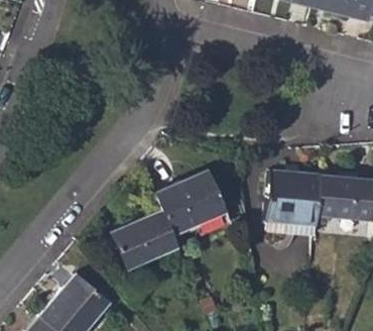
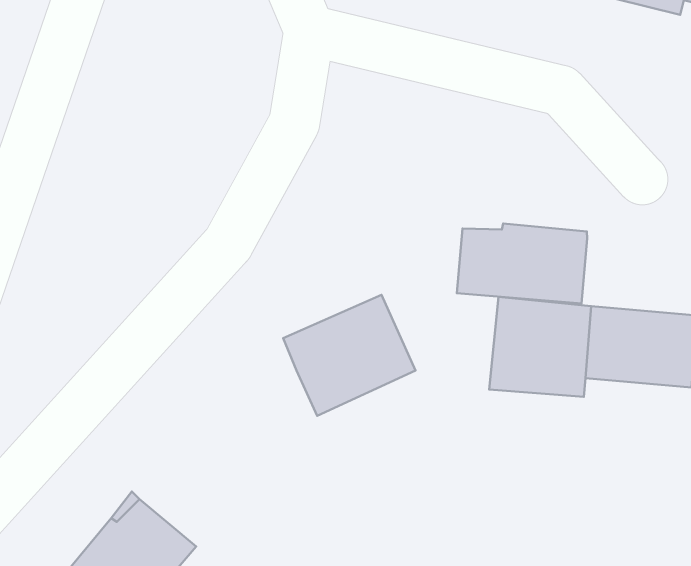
building: none -> [457,224,587,303]
building: [112,210,177,267] -> none

